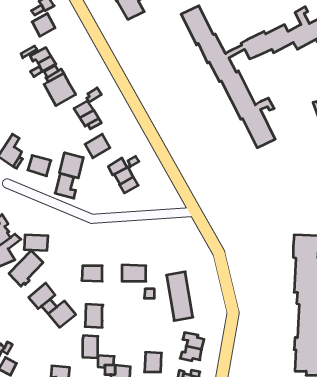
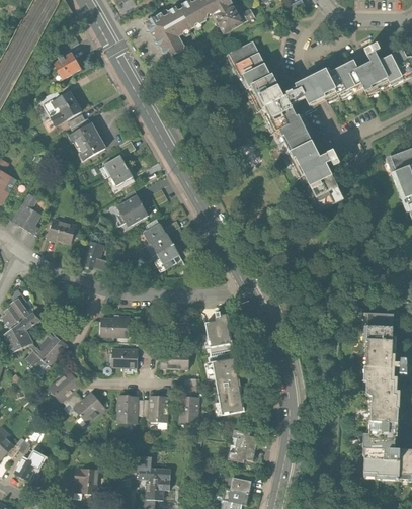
building: [60,153,83,178] -> none
building: none -> [204,311,233,346]
building: [24,235,48,250] -> [101,318,130,336]
building: [83,336,98,358] -> [150,395,168,421]
building: [144,352,162,372] -> [179,396,199,419]

